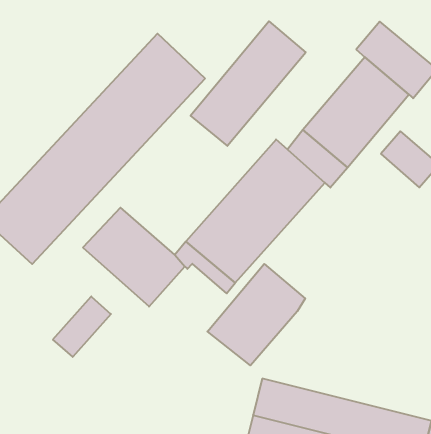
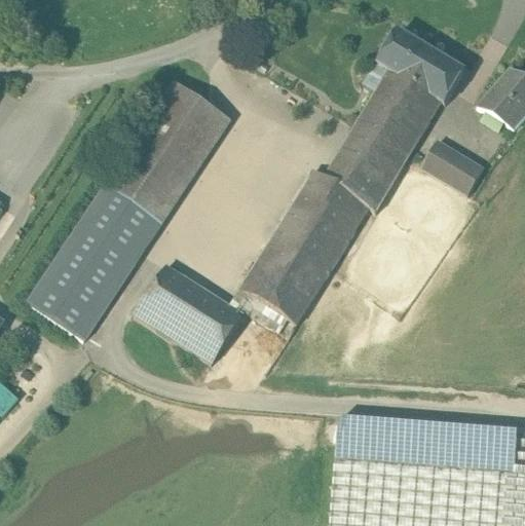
building: [191,21,306,146] -> none
building: [207,264,305,365] -> none
building: [53,296,111,357] -> none

